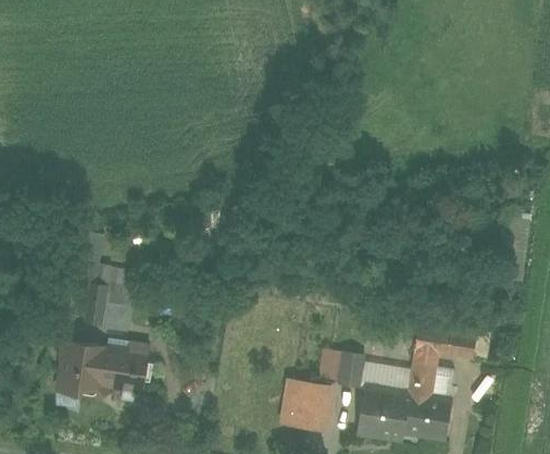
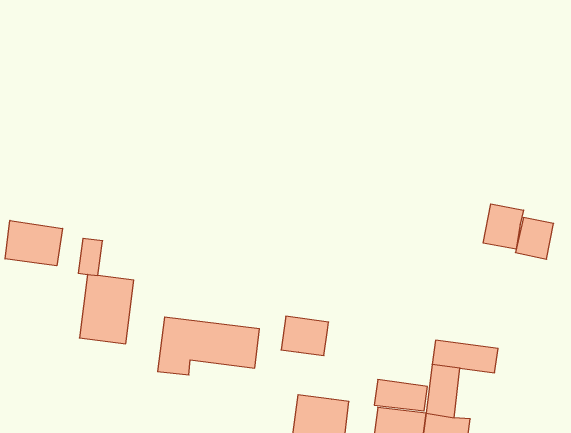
building: none -> [483,204,524,249]
building: none -> [5,220,63,266]
building: [54,342,150,396] -> [158,317,259,375]
building: [320,352,364,389] -> [281,316,329,356]

